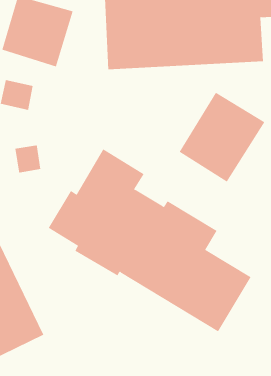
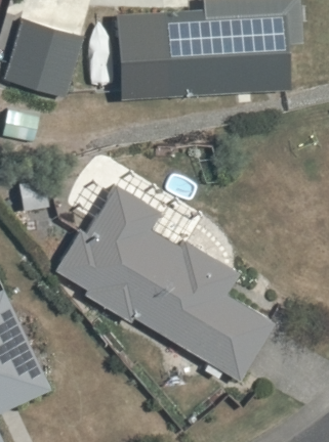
building: [179,92,265,183] -> none

